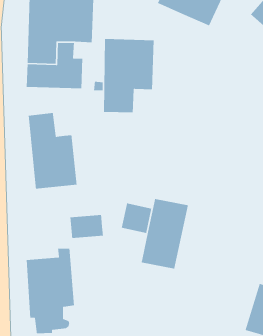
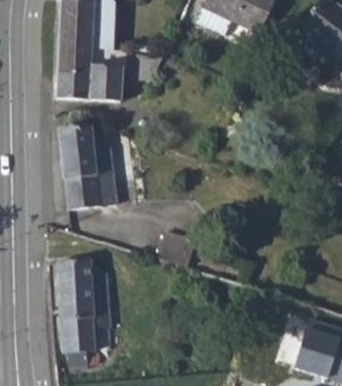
building: [103,38,154,113] -> none
building: [141,198,189,269] -> none
building: [70,214,104,239] -> [55,261,93,288]

